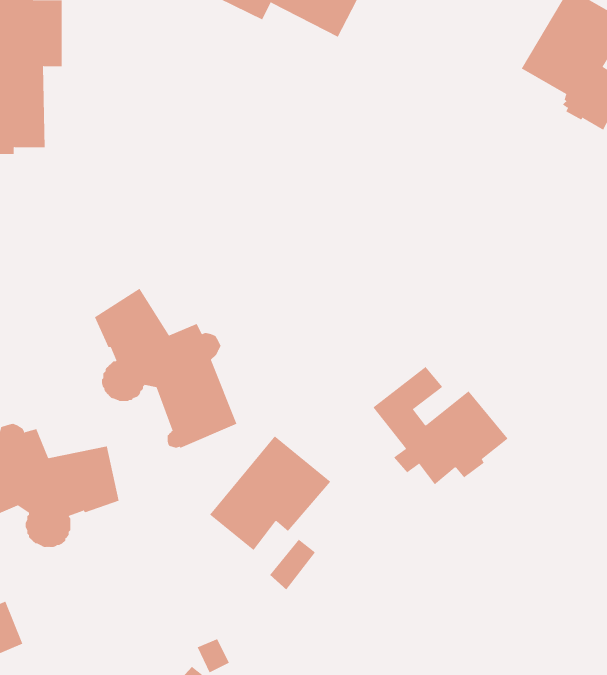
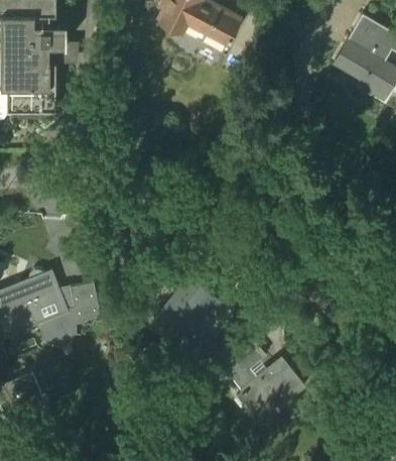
building: [94,288,237,449] -> none
building: [372,366,508,485] -> [225,344,304,414]

